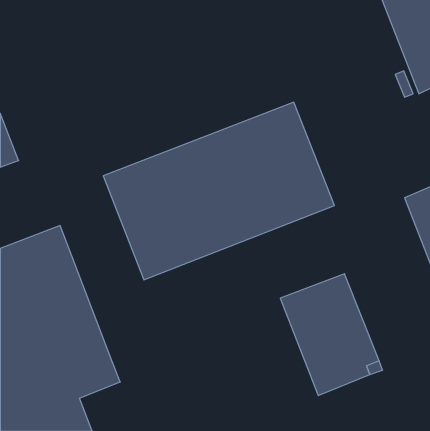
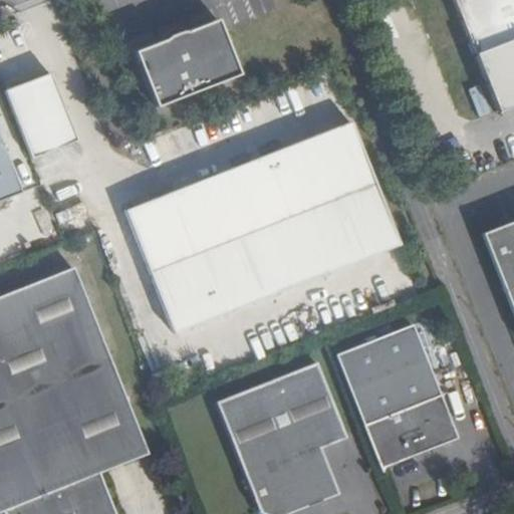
building: none -> [138,15,242,102]
building: none -> [7,70,76,155]
building: none -> [218,361,347,507]

